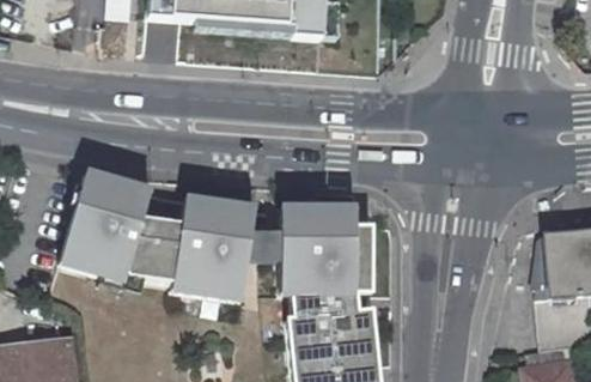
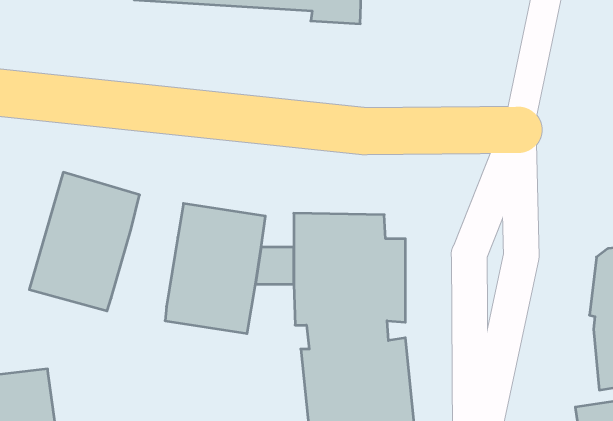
building: [127,214,183,280] -> none

